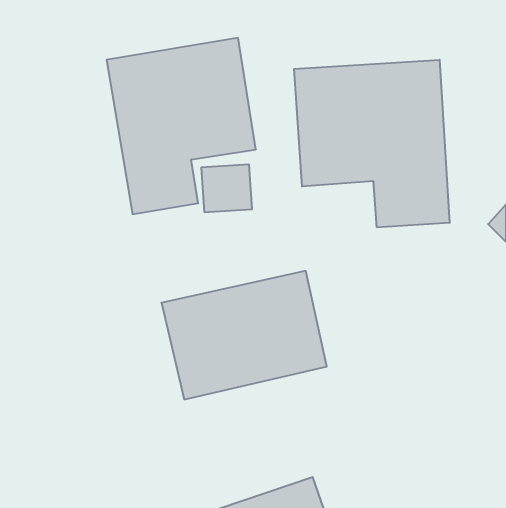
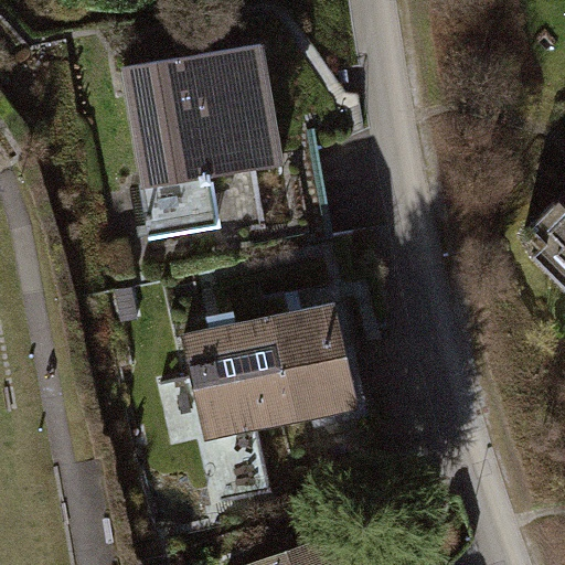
building: [294,60,450,227] -> none

